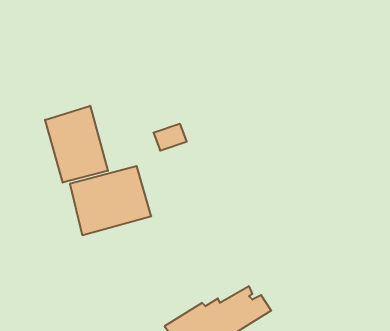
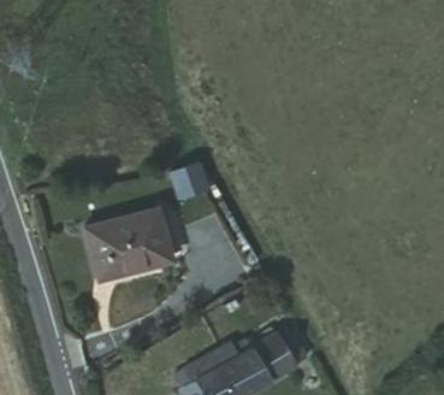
building: [45,106,108,183] -> none

